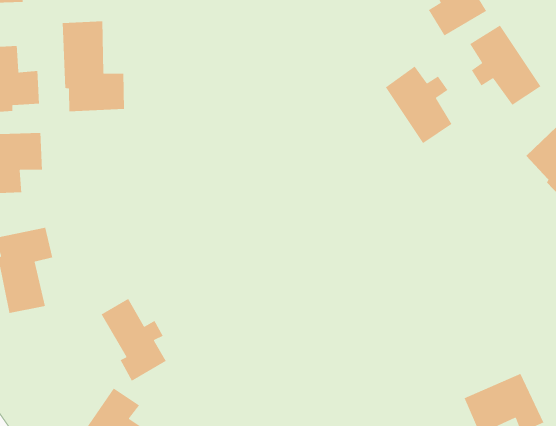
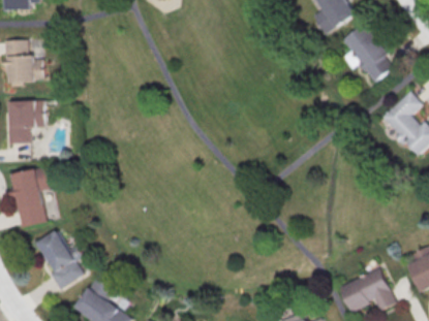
building: [62,20,125,112] -> none
building: [385,66,453,144] -> none
building: [100,298,167,382] -> [37,230,84,289]

